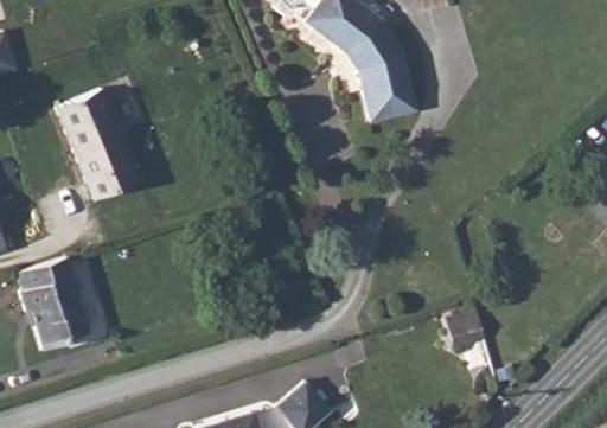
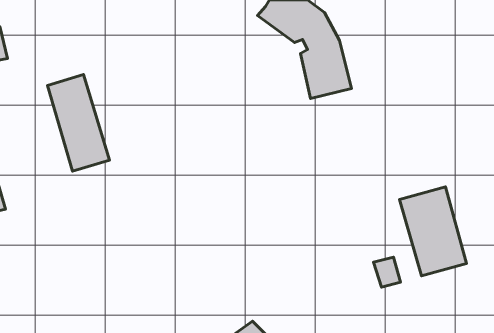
building: none -> [400,187,467,276]
building: [14,255,89,353] -> none

